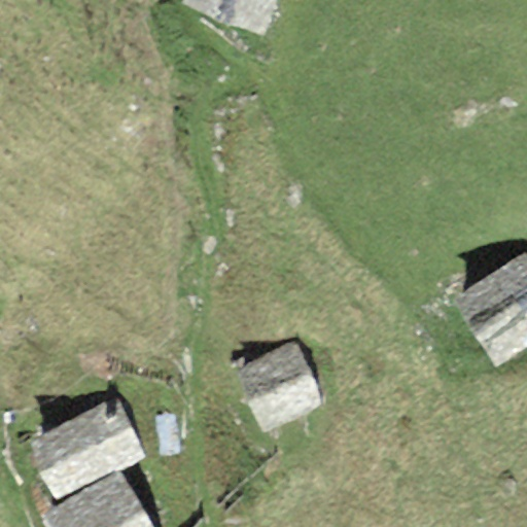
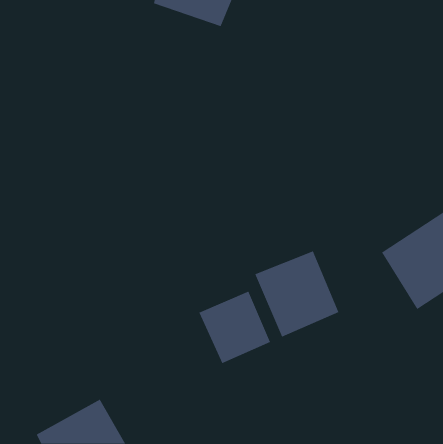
building: none -> [254,250,339,338]
building: [29,396,147,498] -> none

